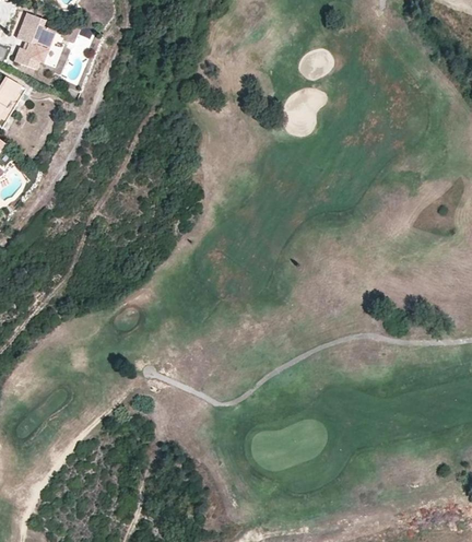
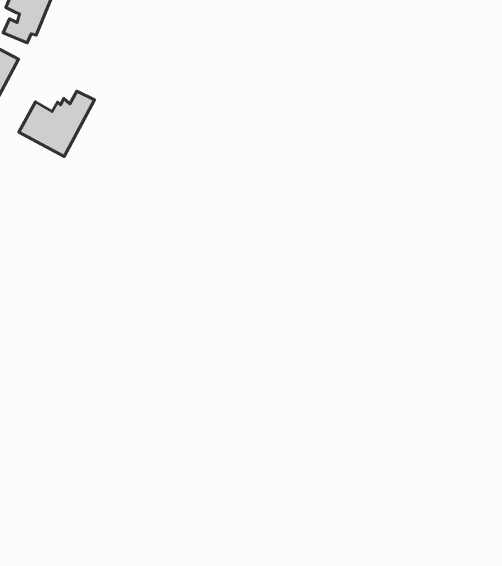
building: none -> [19,91,95,157]

